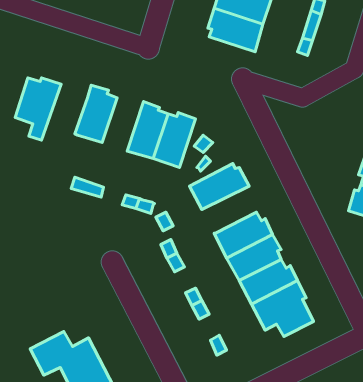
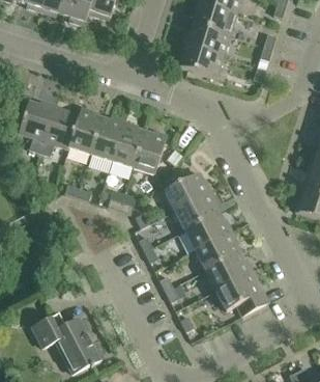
building: none -> [39,105,78,156]
building: none -> [90,115,124,161]
building: none -> [173,190,219,229]

